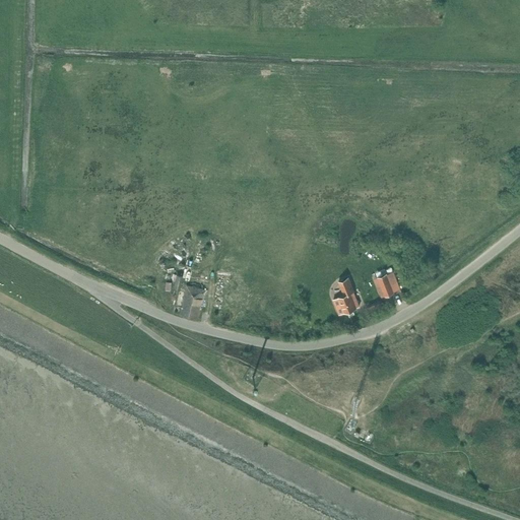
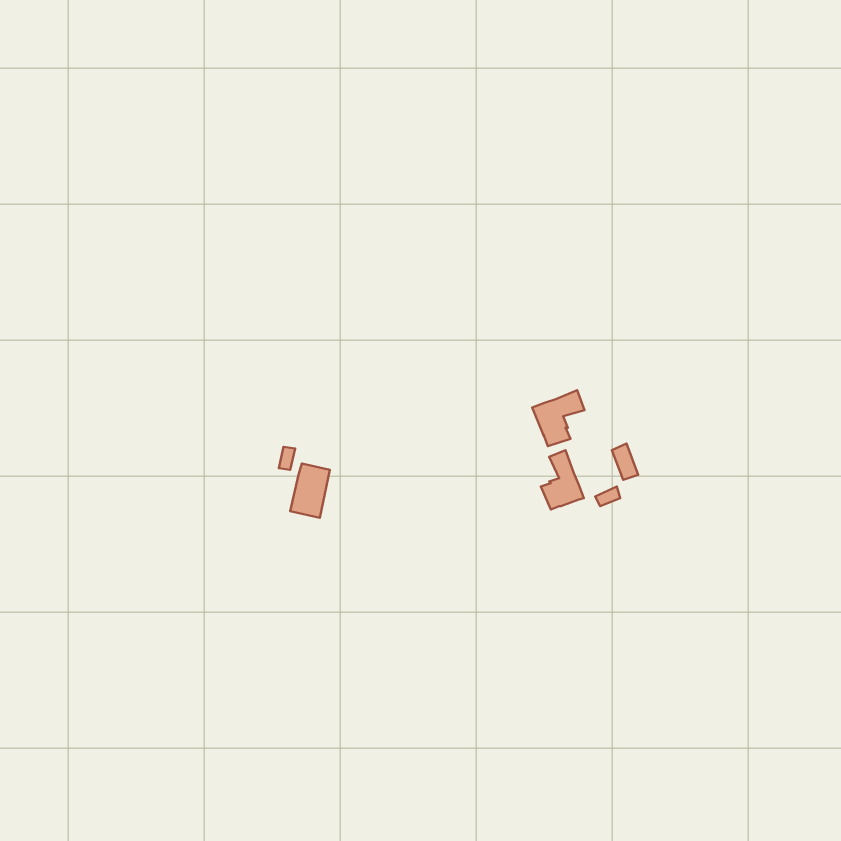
building: none -> [532,390,585,446]

